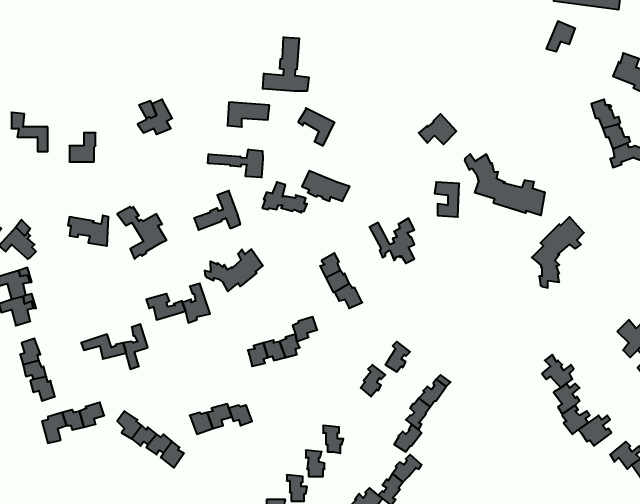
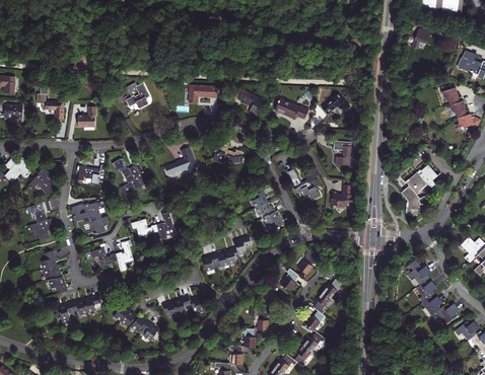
building: [263,37,309,91] -> none
building: [208,149,263,178] -> none
building: [465,154,545,215] -> none
building: [302,171,350,201] -> [275,97,308,119]
building: none -> [330,185,355,209]
building: [205,249,263,291] -> none
building: none -> [71,202,109,233]

